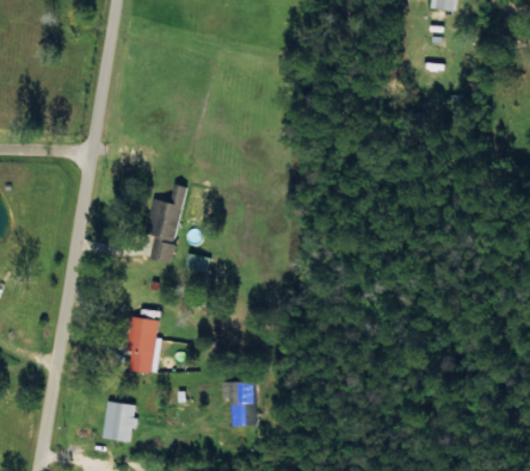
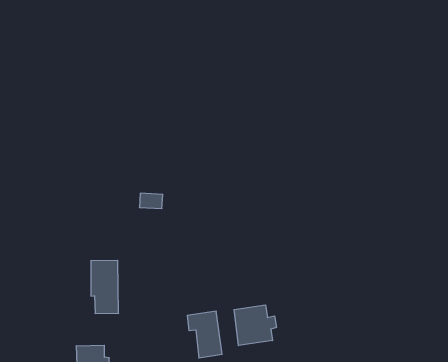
building: [149,184,186,264] -> none
building: none -> [234,305,276,346]

